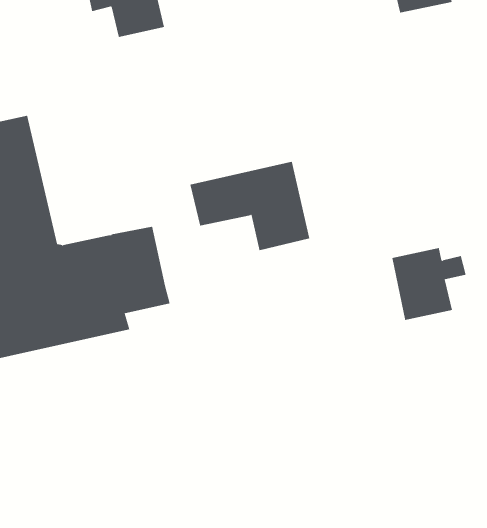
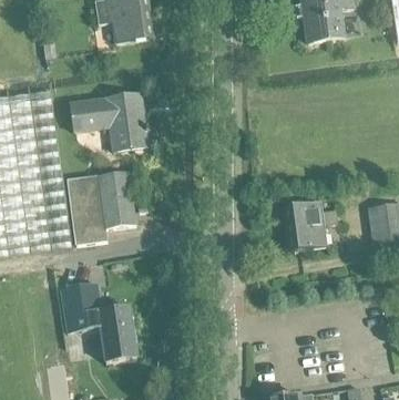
building: [190,161,310,251] -> [70,92,149,151]
building: none -> [60,283,137,365]

